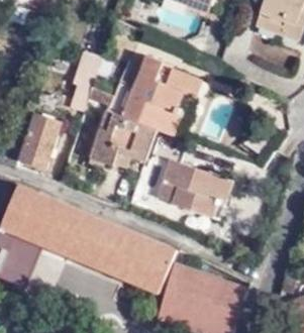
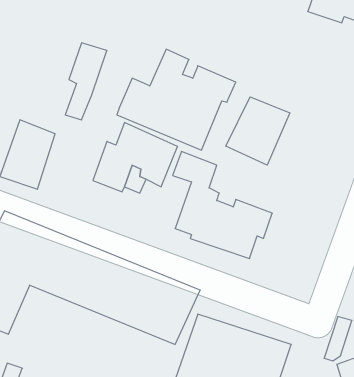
building: none -> [226,97,290,165]

